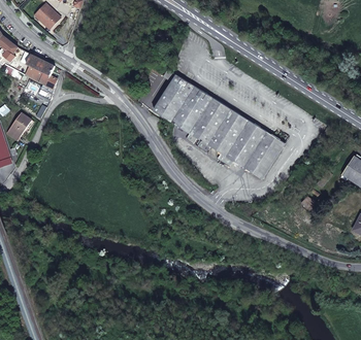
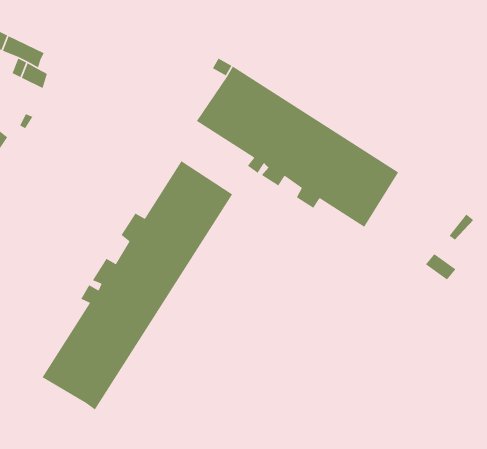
building: none -> [42,160,233,411]

